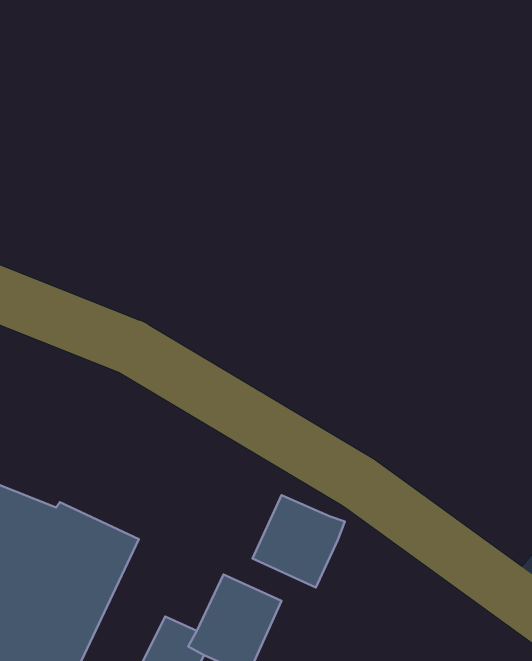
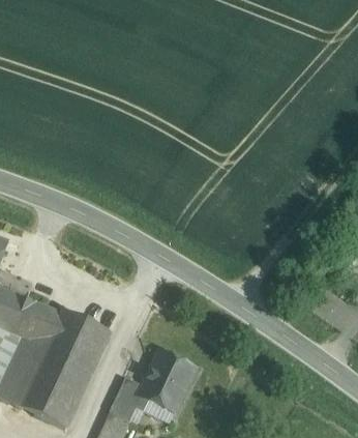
building: [253,495,345,588] -> none

